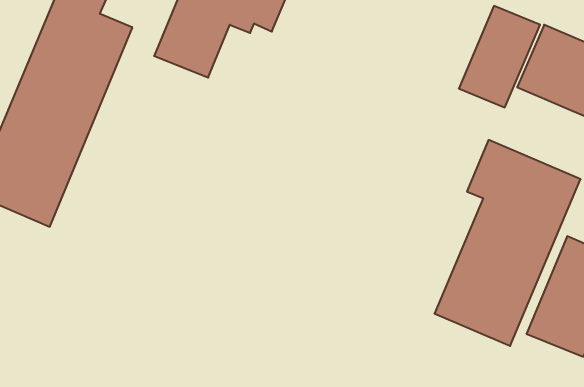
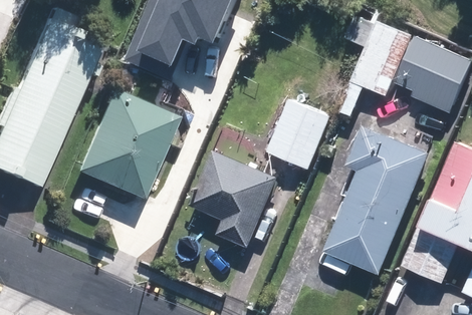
building: none -> [79,85,180,198]
building: none -> [266,98,330,169]
building: none -> [187,150,277,252]

